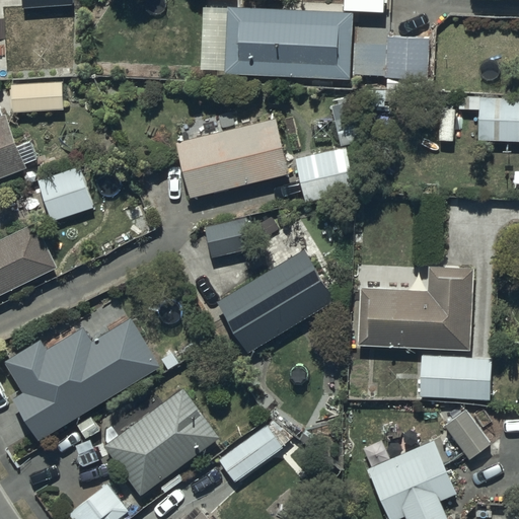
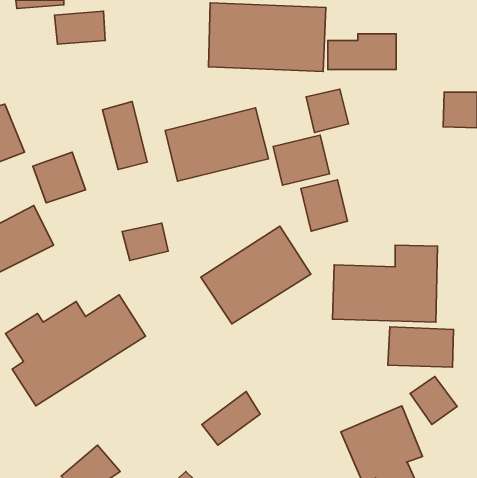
building: [9,79,64,115] -> [55,11,105,44]
building: none -> [102,102,147,169]
building: none -> [301,180,347,231]
building: [205,219,254,260] -> [122,223,168,261]
building: [106,389,218,494] -> none

